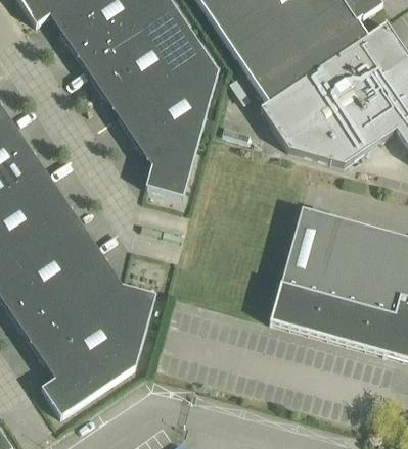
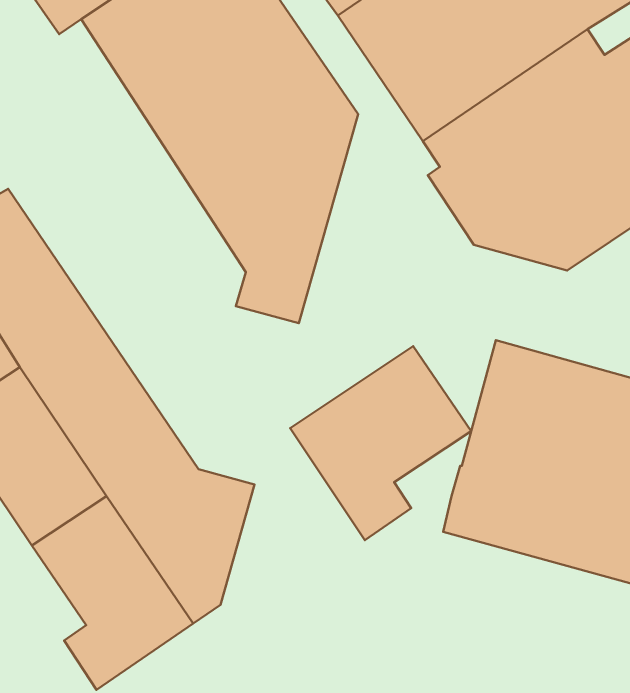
building: none -> [290,346,471,540]

